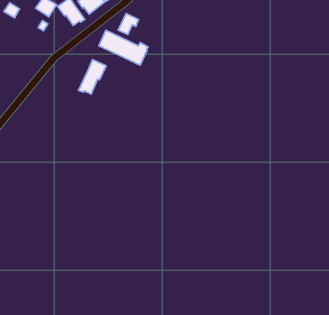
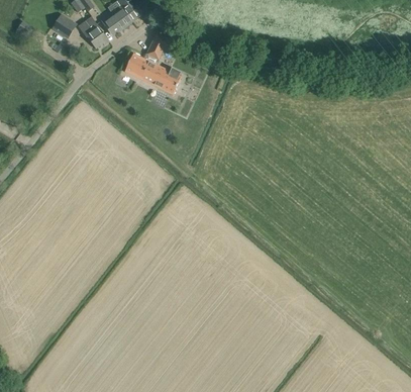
building: [79,59,106,94] -> none

